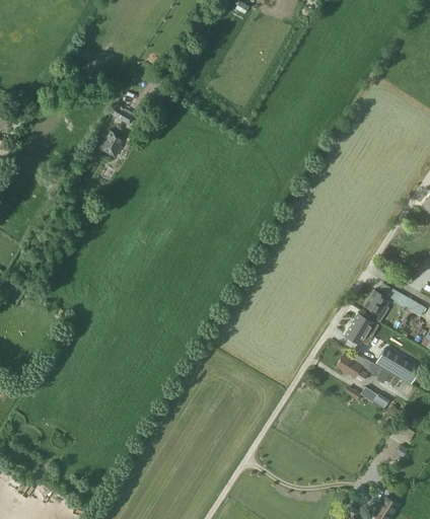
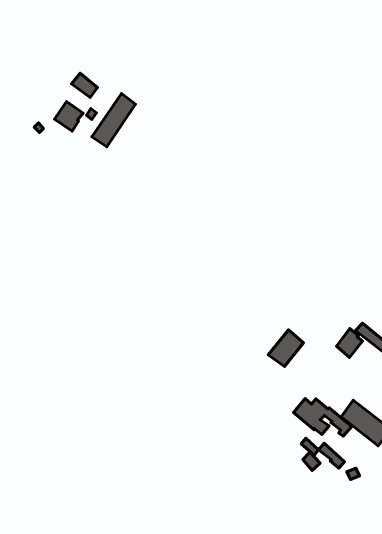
building: none -> [92,94,136,147]
building: [345,313,373,345] -> [268,330,303,367]

